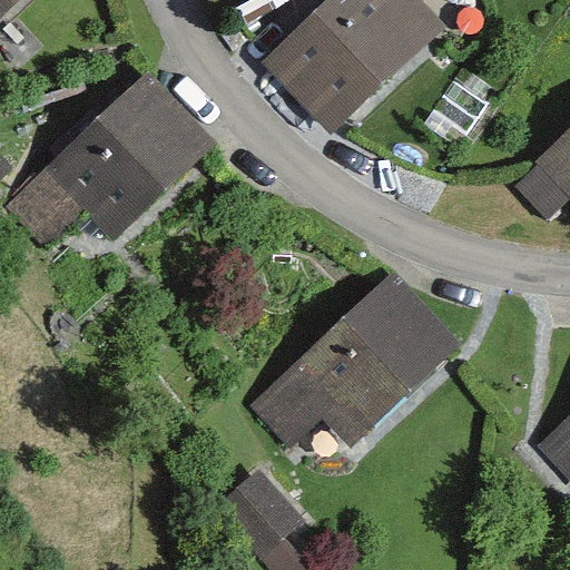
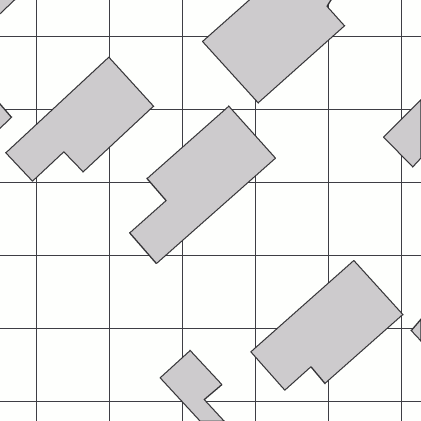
building: none -> [130,106,275,263]
building: [252,274,455,448] -> [251,261,403,390]

